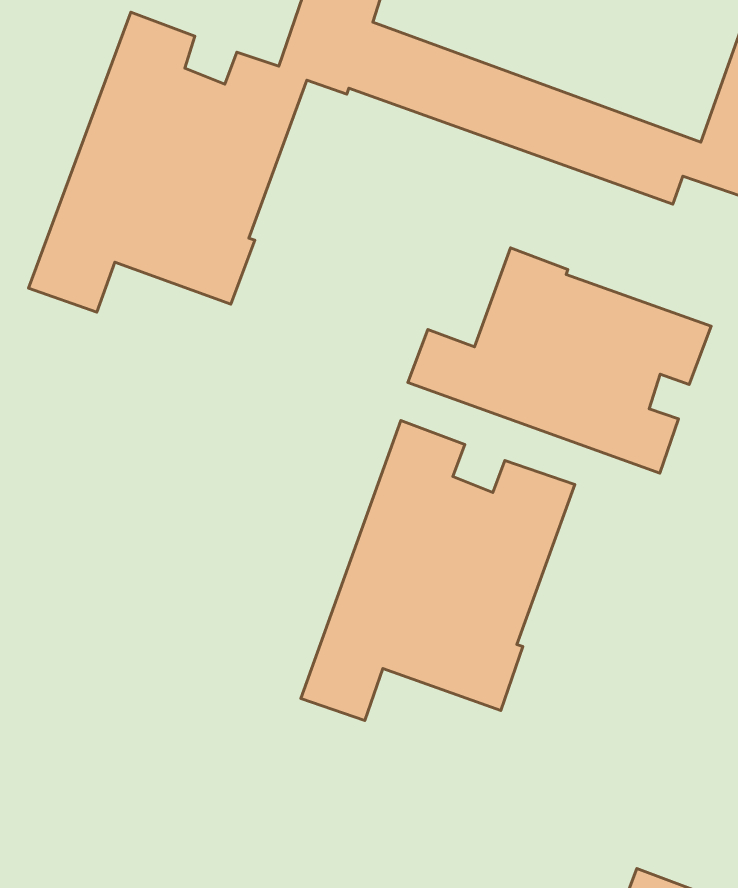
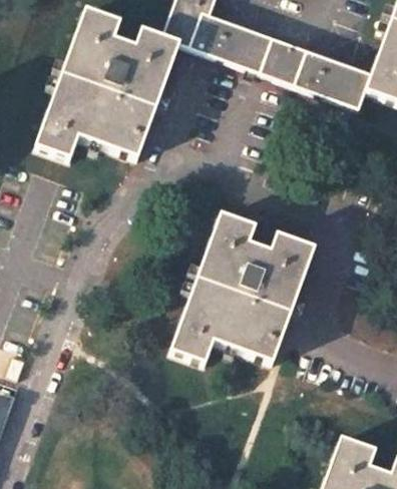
building: [408,248,711,473] -> none

